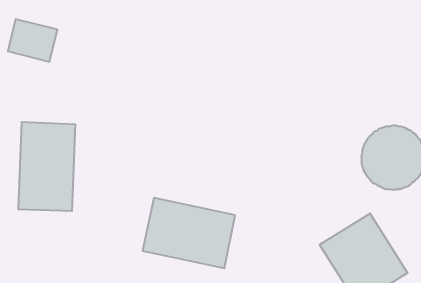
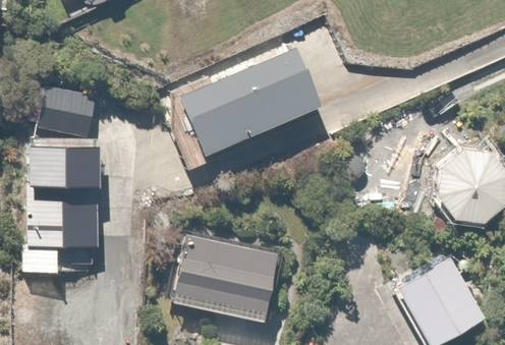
building: [8,19,57,62] -> [37,85,95,135]
building: none -> [172,50,324,170]

